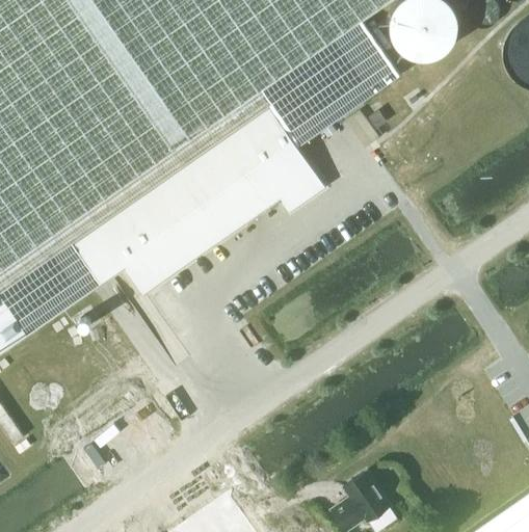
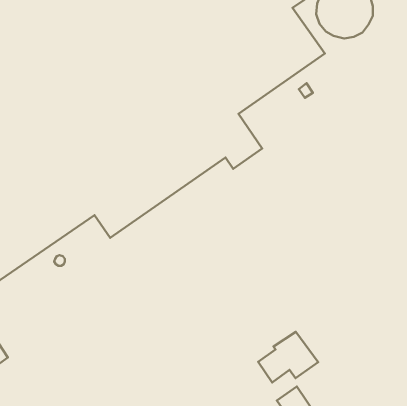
building: none -> [258,332,318,382]

